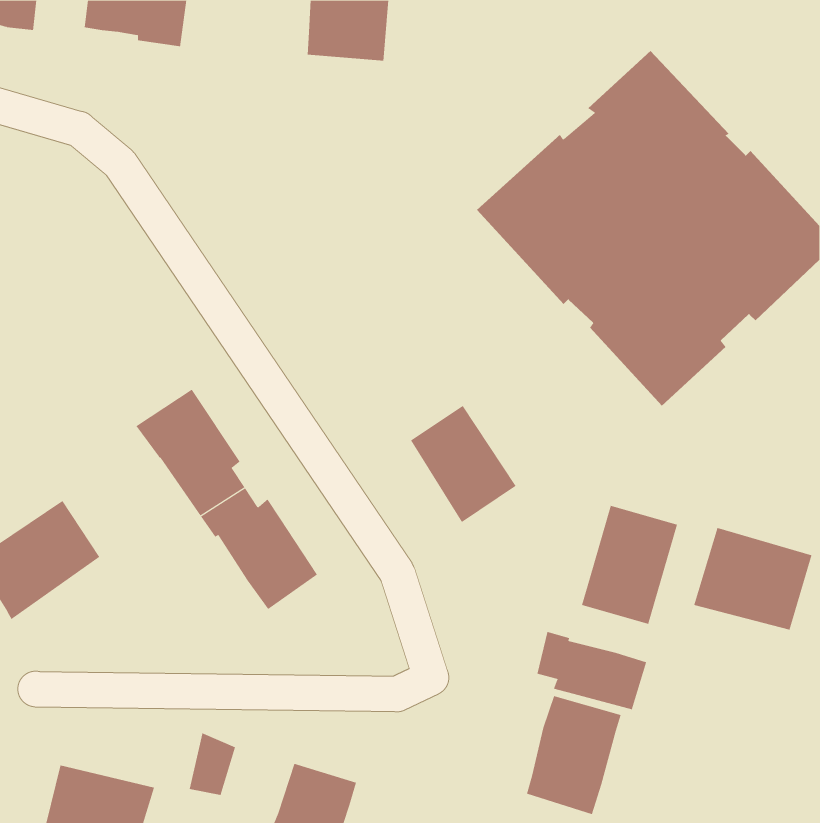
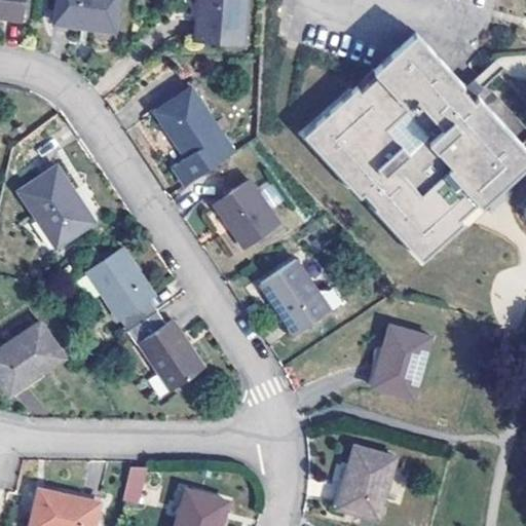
building: none -> [155,87,232,183]
building: none -> [15,165,92,247]
building: none -> [215,180,277,245]
building: [694,527,812,630] -> none
building: [537,631,647,710] -> none

